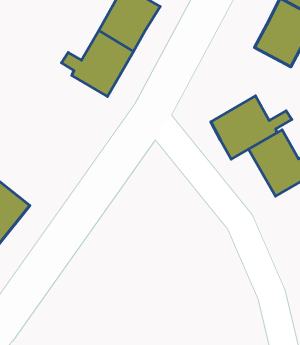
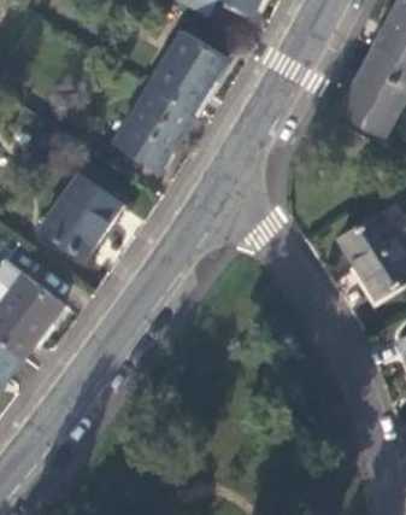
building: [211,96,292,159] -> none
building: none -> [40,176,118,259]

